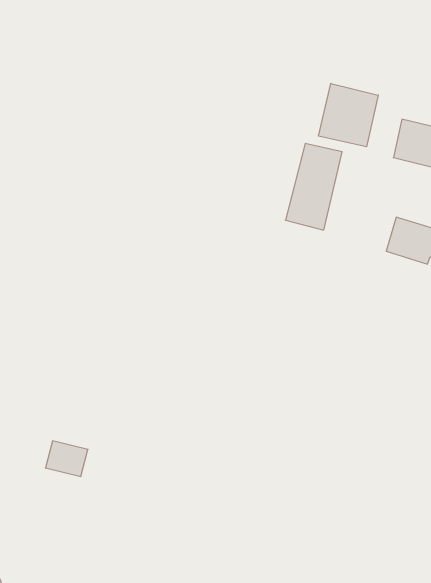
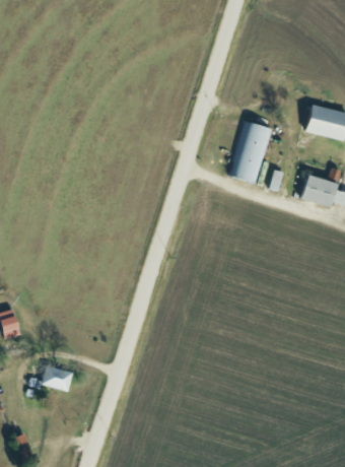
building: [318,83,378,147] -> none
building: [45,441,88,476] -> [43,365,73,391]

